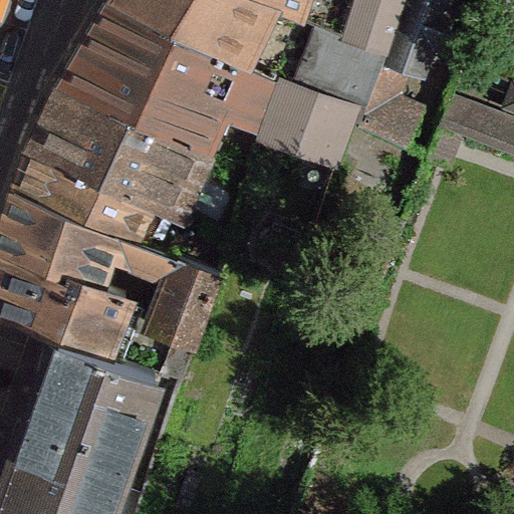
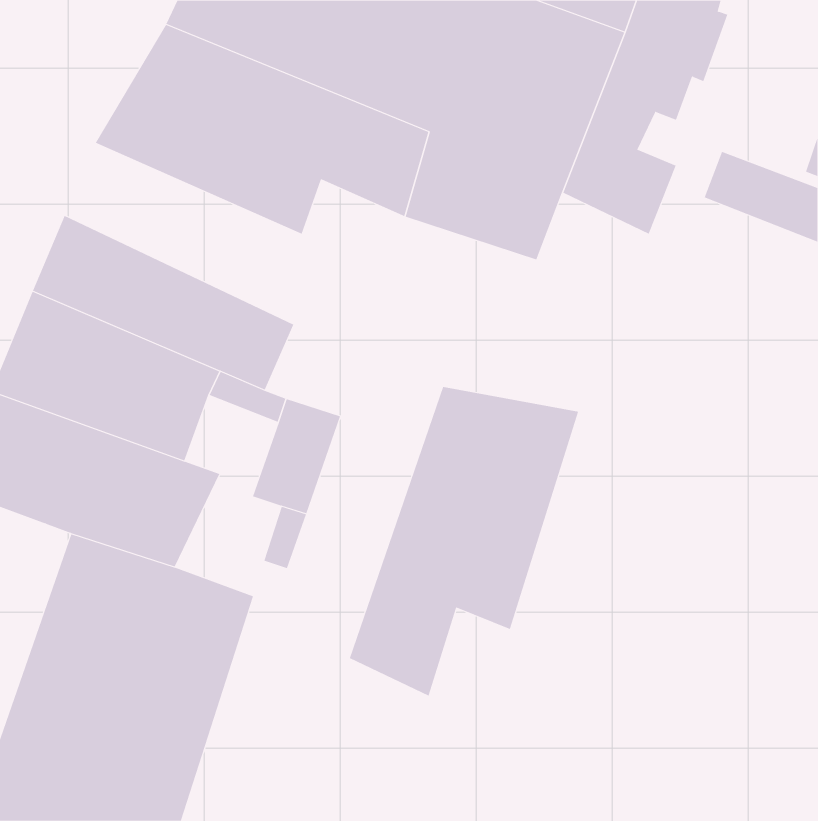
building: [40,89,200,203] -> none
building: none -> [349,386,579,696]

